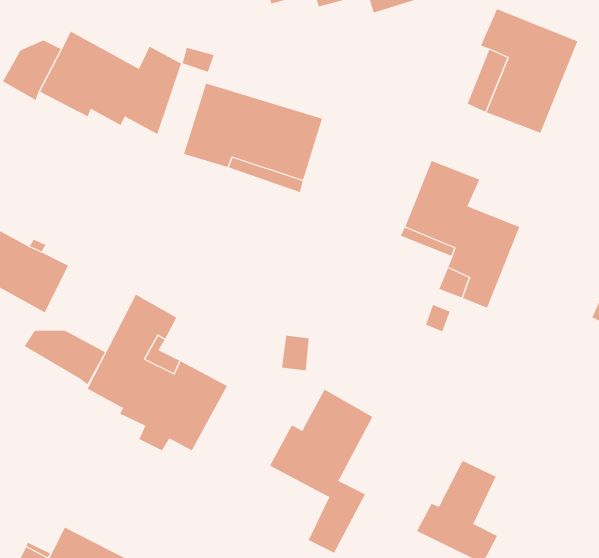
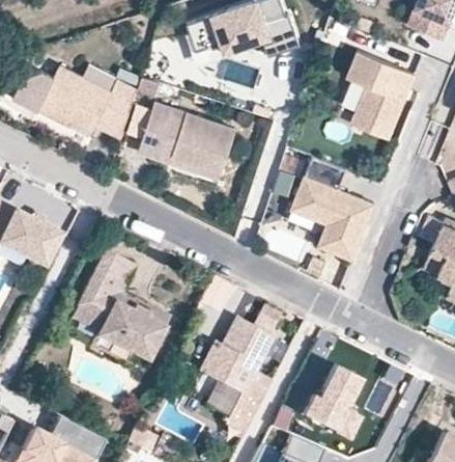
building: [24,330,106,385] -> none

